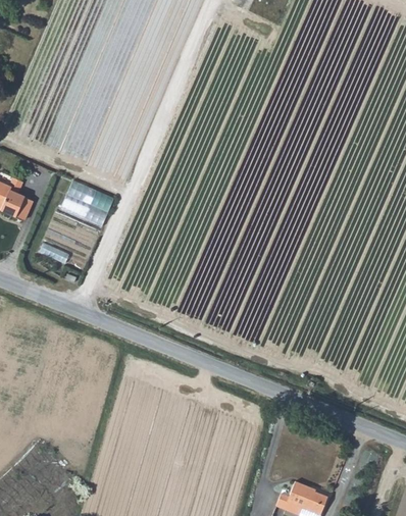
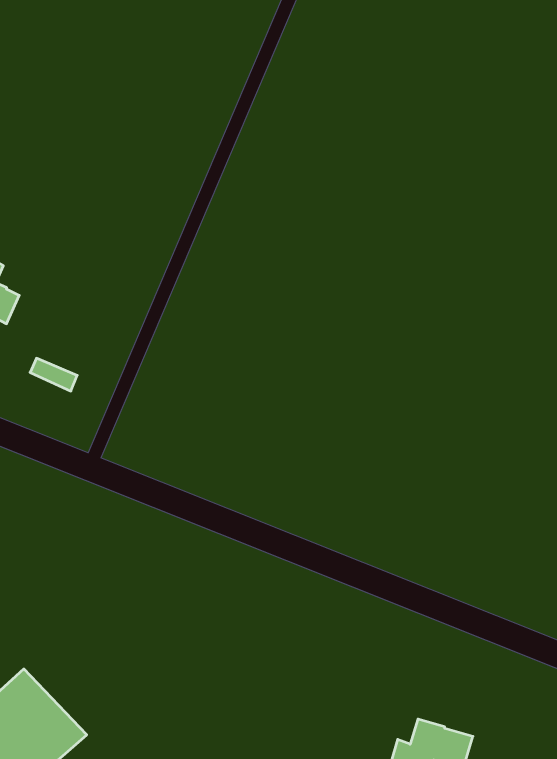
building: [61,182,115,227] -> none

